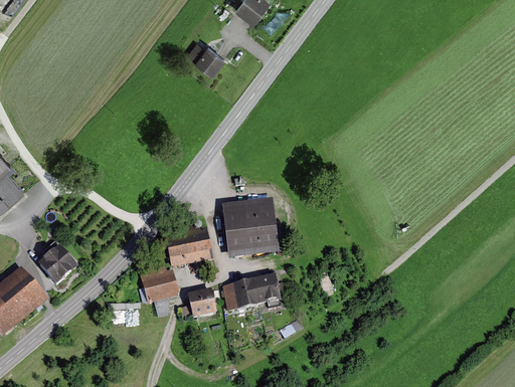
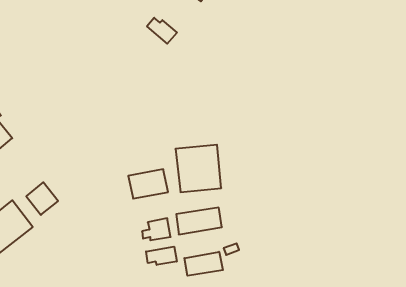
building: [142,269,179,301] -> none
building: none -> [146,247,177,265]
building: none -> [184,252,223,276]

